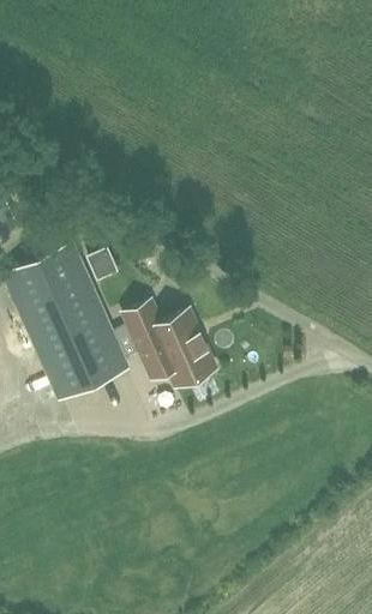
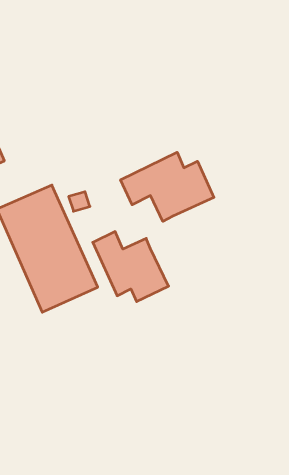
building: none -> [121,152,214,221]

